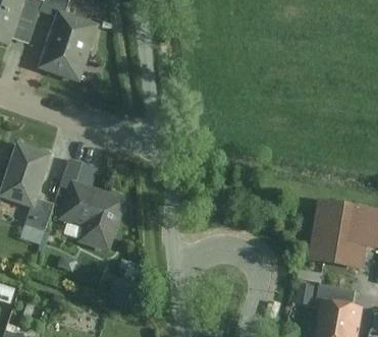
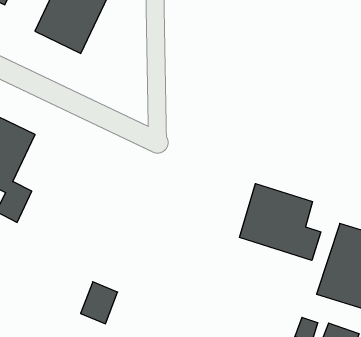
building: [60,159,125,249] -> none
building: none -> [240,184,321,260]

